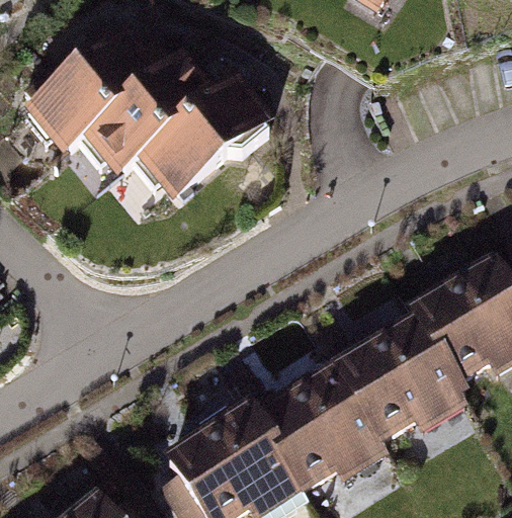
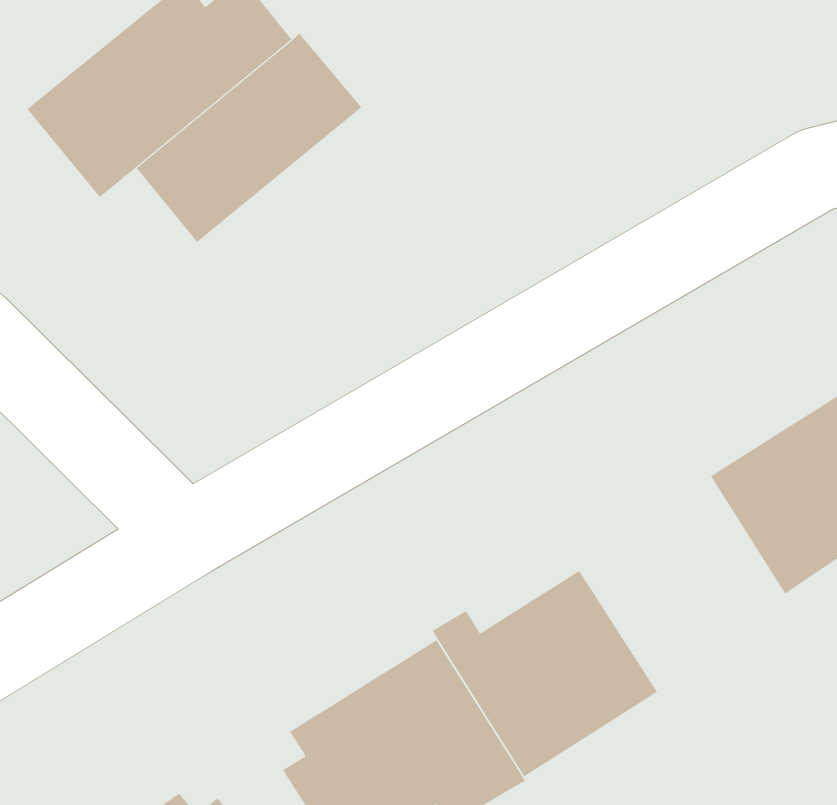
building: [137,83,276,205] -> none
building: [331,320,461,440] -> none

